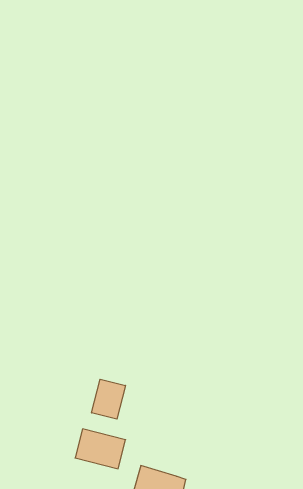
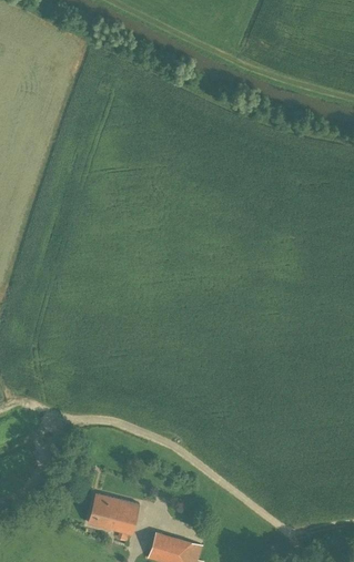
building: [92,379,125,419] -> none

